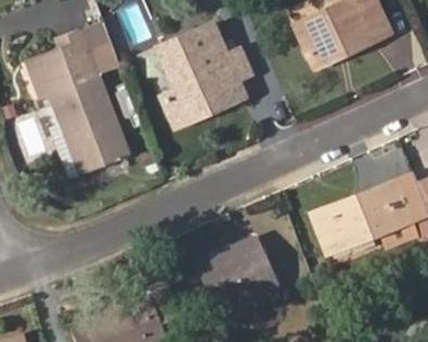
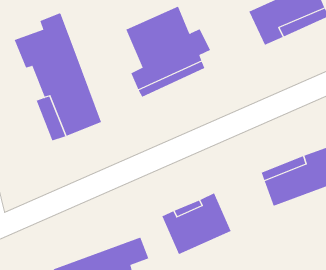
building: [80,21,122,77] -> none

